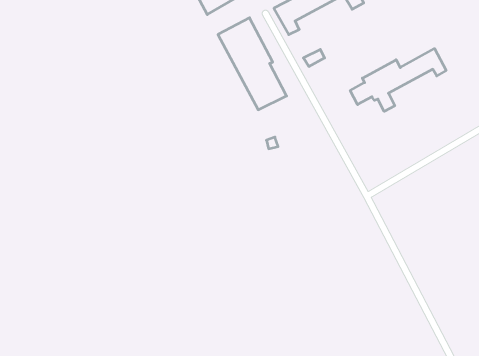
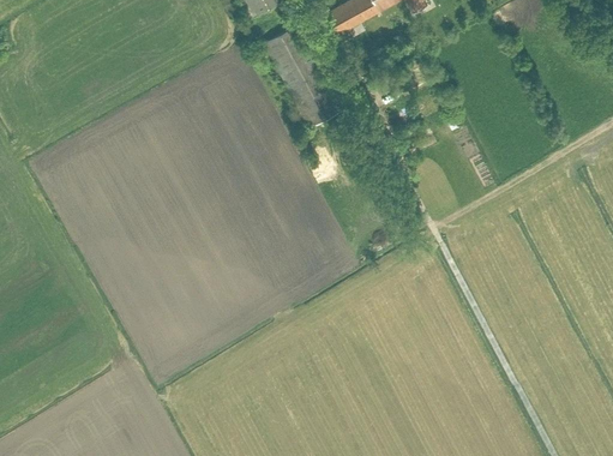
building: [350,49,446,111] -> none

